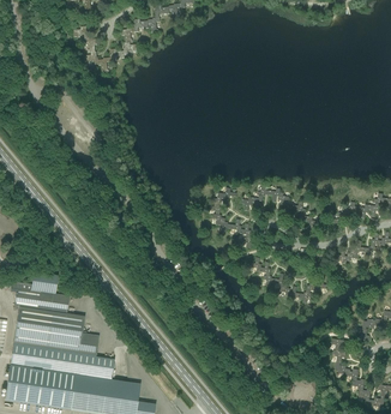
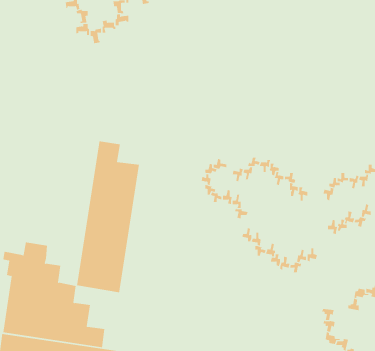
building: none -> [77,140,140,293]

